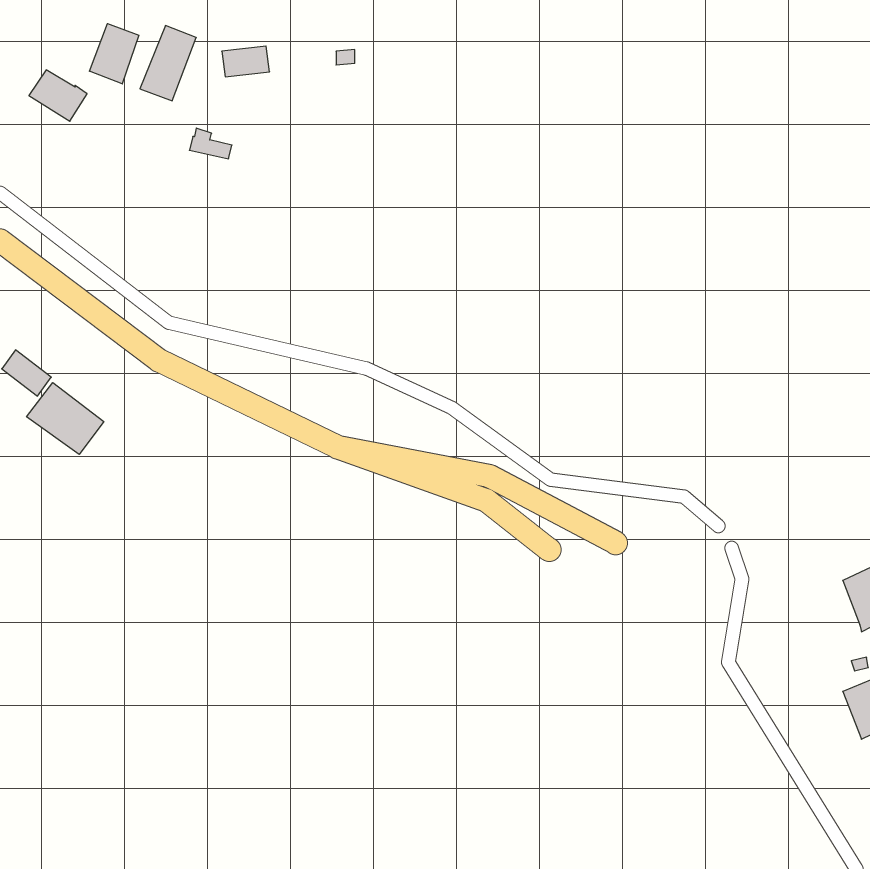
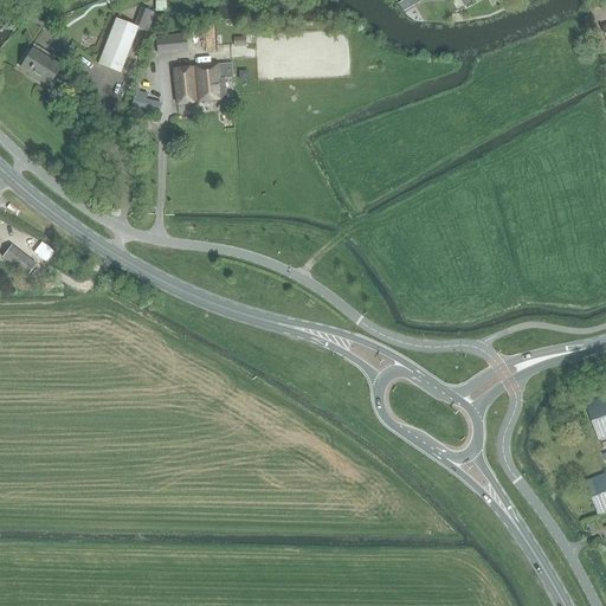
building: [89,24,139,84] -> none
building: none -> [173,62,227,103]
building: [27,383,104,454] -> none

